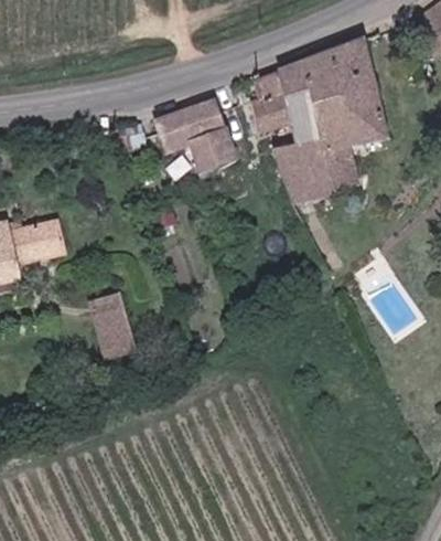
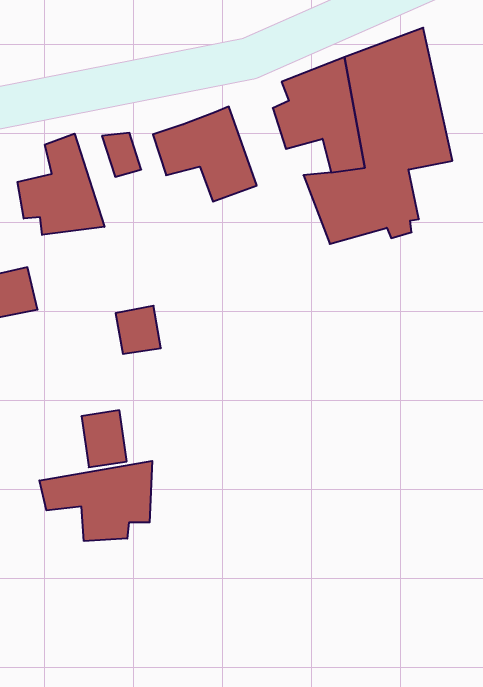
building: none -> [17,134,104,235]
building: [96,295,130,331] -> [116,306,161,354]
building: none -> [39,461,152,541]

